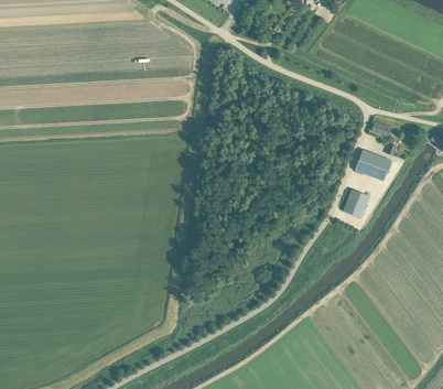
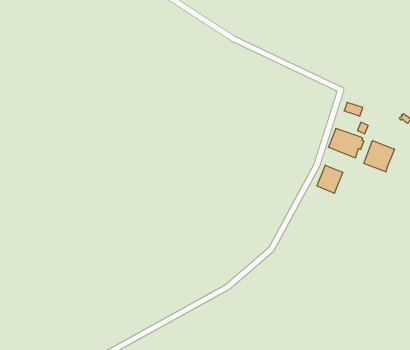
building: none -> [364,141,394,172]

